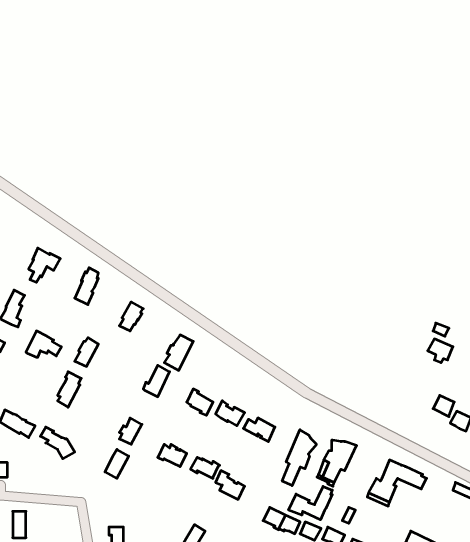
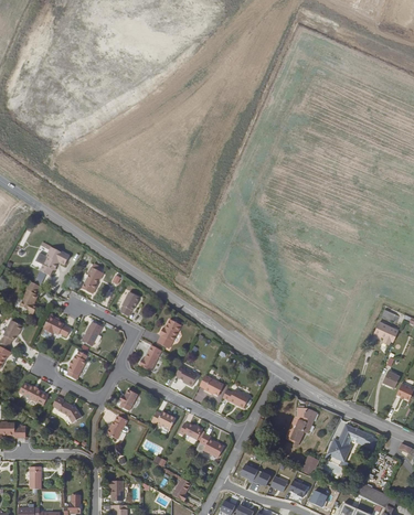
building: [282,430,316,486] -> none
building: [289,486,332,520] -> none

